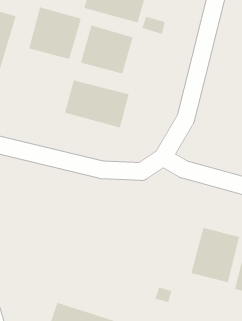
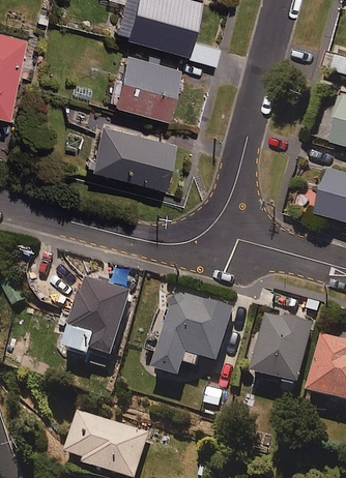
building: [29,6,82,60] -> none
building: none -> [57,279,128,355]
building: none -> [147,295,233,378]

